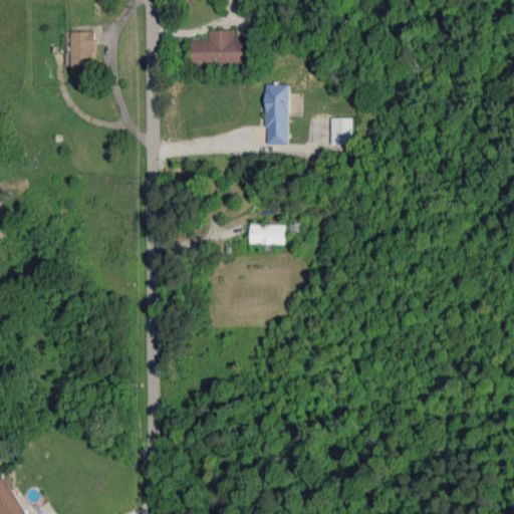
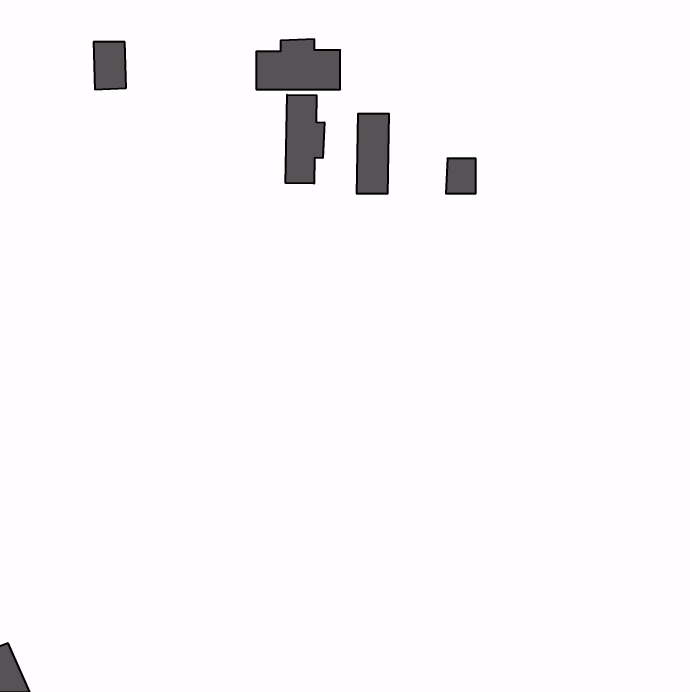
building: none -> [286,95,324,184]
building: [249,224,285,244] -> none

